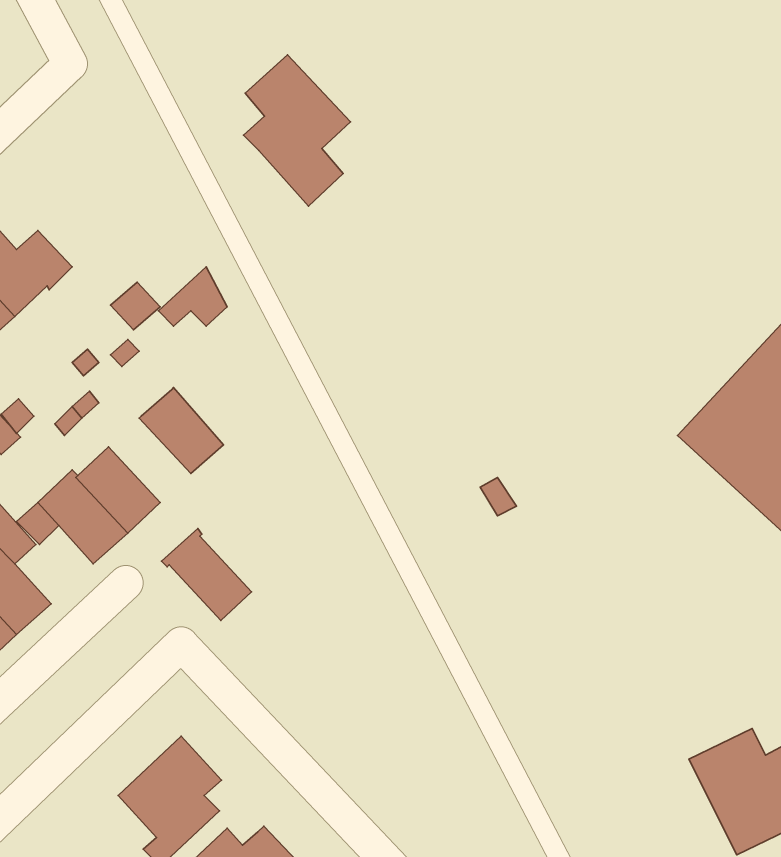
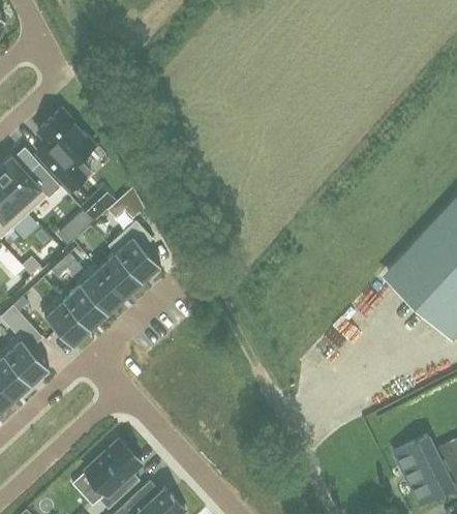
building: [243,55,351,206] -> [36,111,94,192]
building: none -> [108,221,160,283]
building: [161,529,251,621] -> [75,265,124,314]

